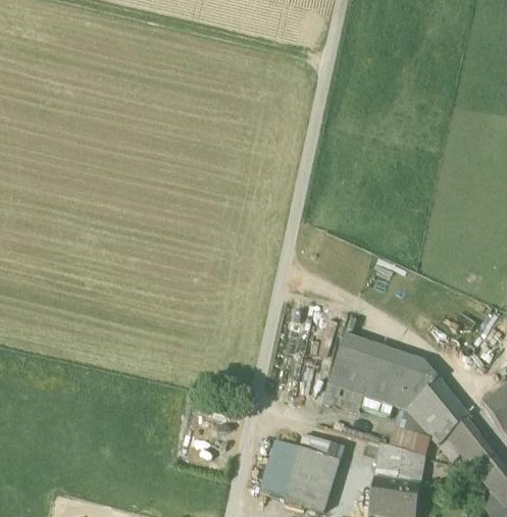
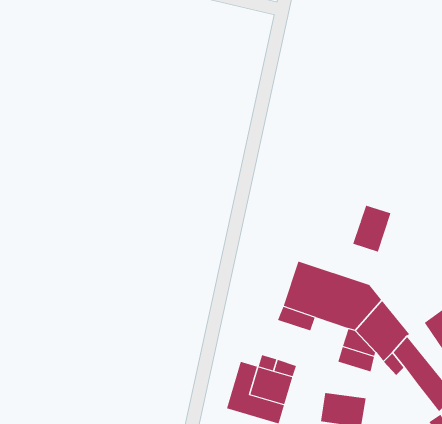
building: none -> [353,205,391,252]
building: [374,442,425,483] -> none

